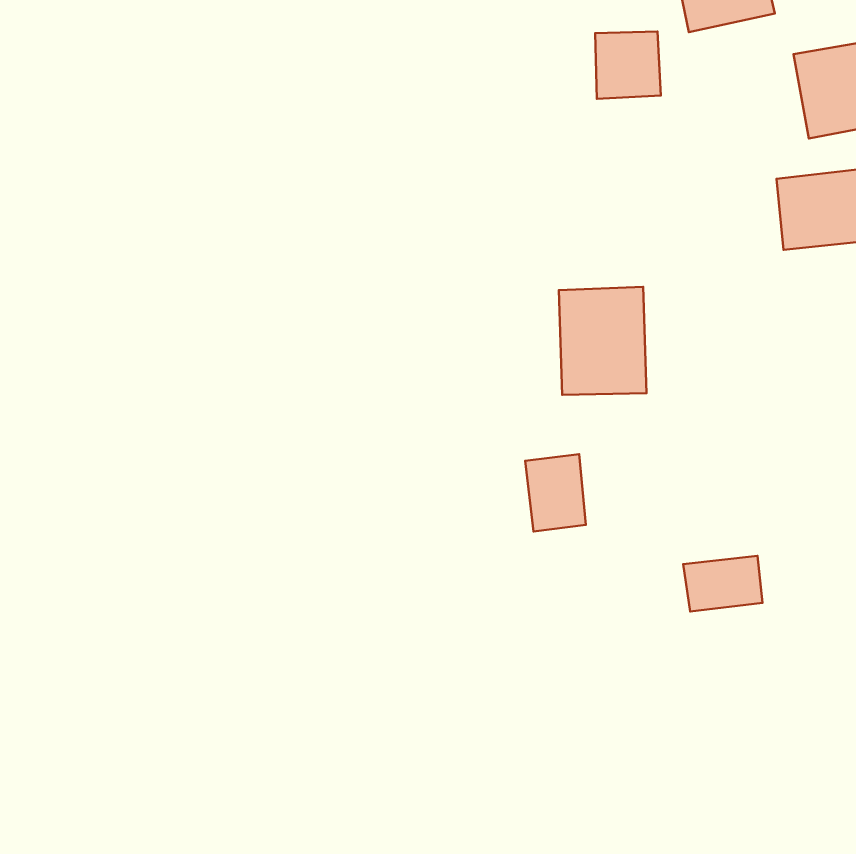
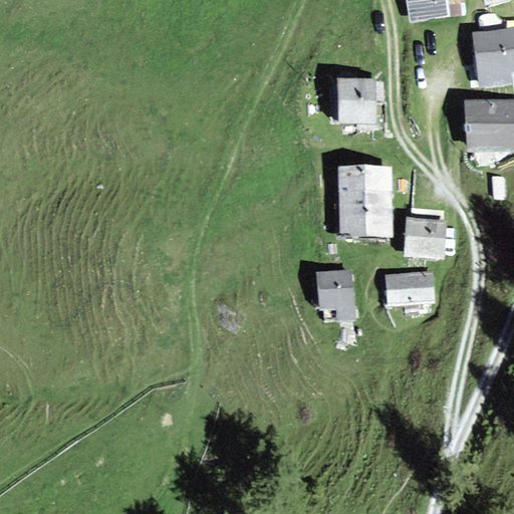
building: [595,31,661,99] -> [334,84,373,124]
building: none -> [407,219,445,255]
building: [683,556,763,611] -> [388,270,435,303]

